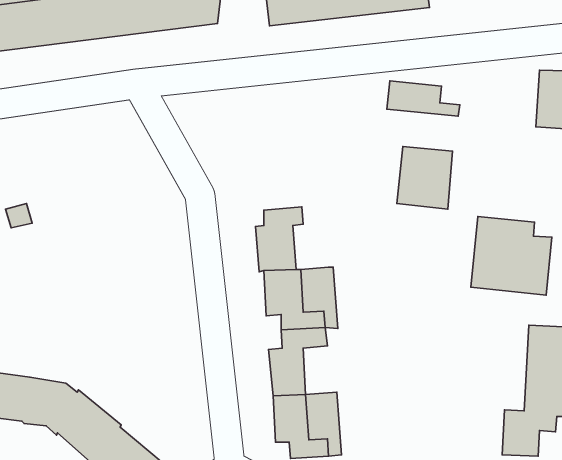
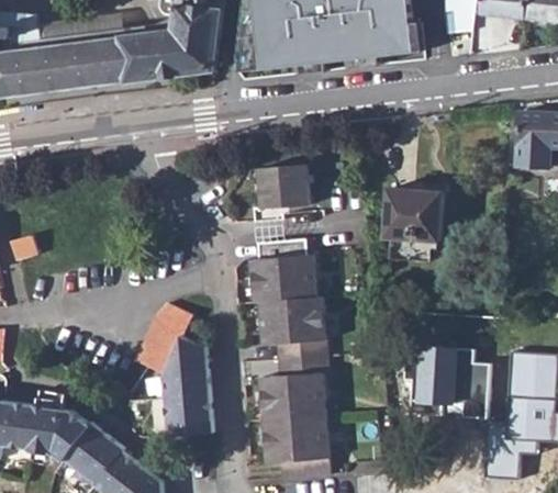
building: [387,81,460,116] -> none
building: none -> [256,166,313,223]
building: none -> [286,240,320,301]
building: [471,216,552,295] -> [413,347,490,422]
building: none -> [134,304,214,438]
building: none -> [295,356,330,419]

